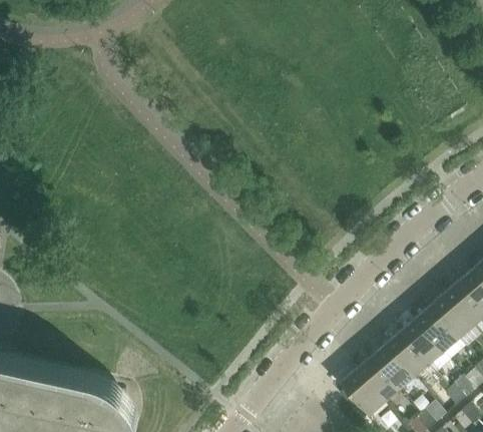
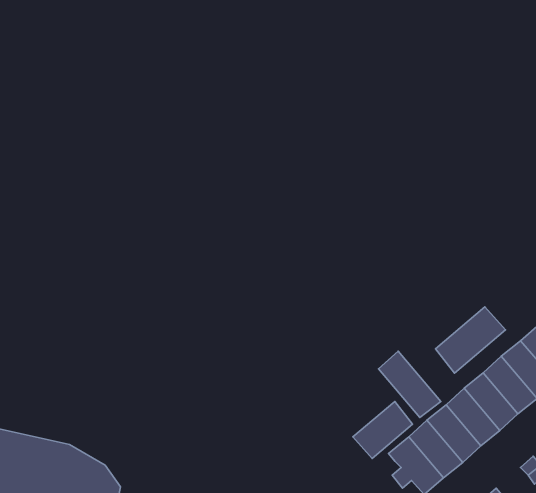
building: none -> [435,307,505,373]
building: none -> [378,351,441,418]
building: none -> [353,402,413,459]

